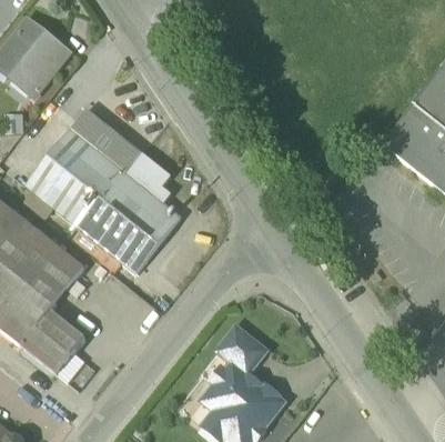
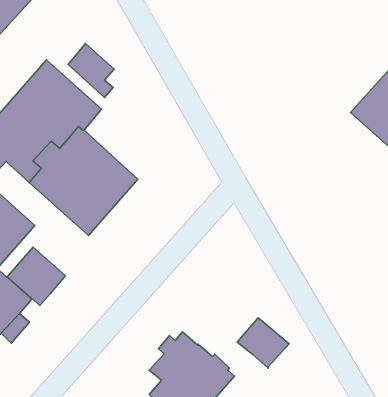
building: [127,152,171,203] -> [68,43,114,98]
building: none -> [7,247,65,305]
building: [216,327,266,374] -> [237,318,289,368]

